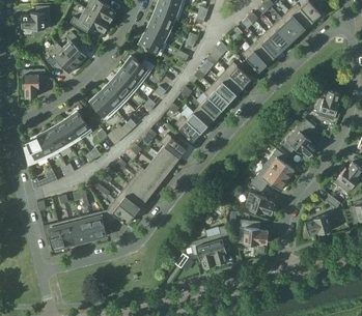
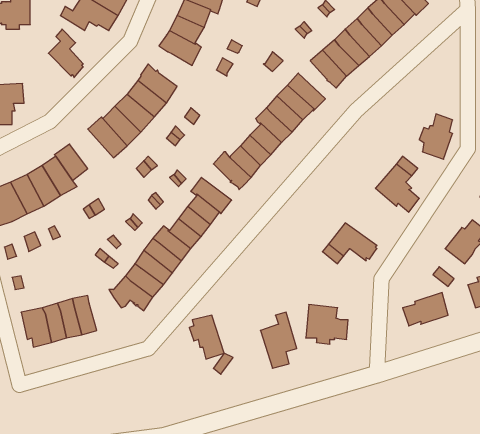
building: [47,45,79,73] -> none
building: [267,148,296,179] -> none
building: [246,192,276,213] -> none
building: [90,209,113,238] -> none
building: [193,237,217,267] -> [189,315,224,359]

